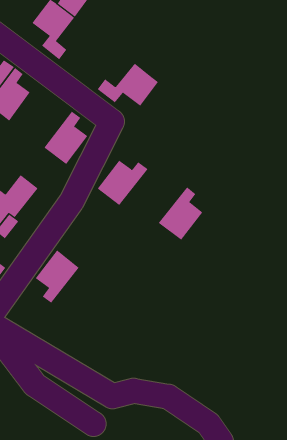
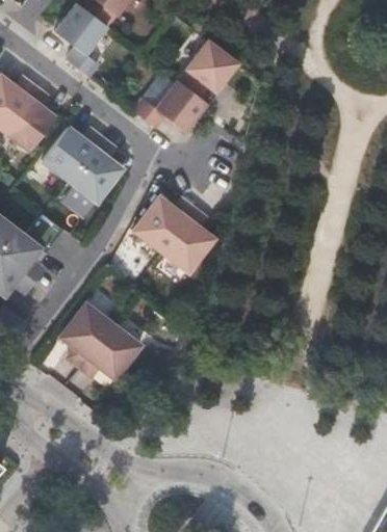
building: none -> [178,42,238,98]
building: none -> [42,127,103,182]
building: [158,186,203,240] -> [160,208,214,272]
building: none -> [79,325,140,380]

